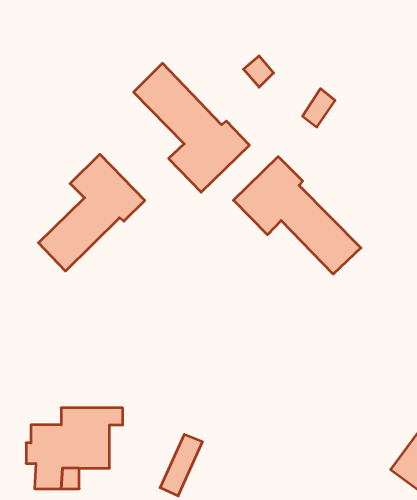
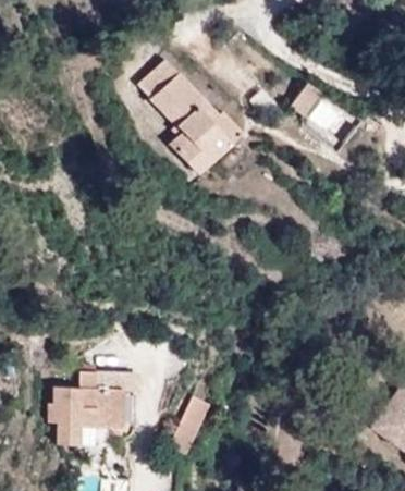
building: [38,154,145,271] -> none
building: [233,157,361,274] -> none

